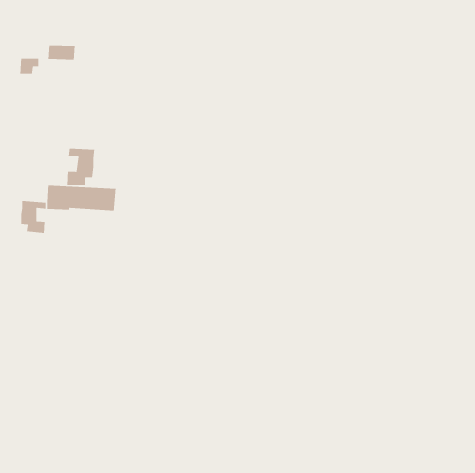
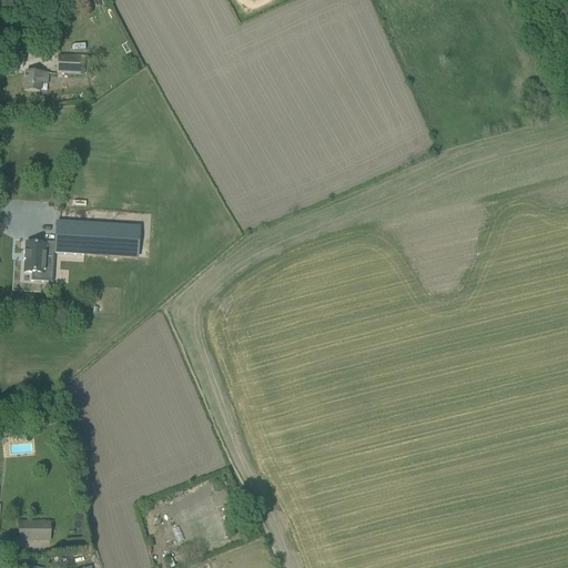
building: [66,148,95,186] -> none
building: none -> [20,520,50,538]

